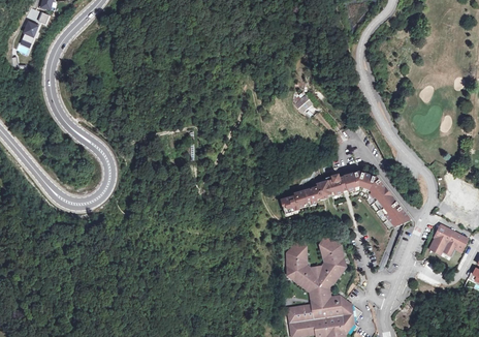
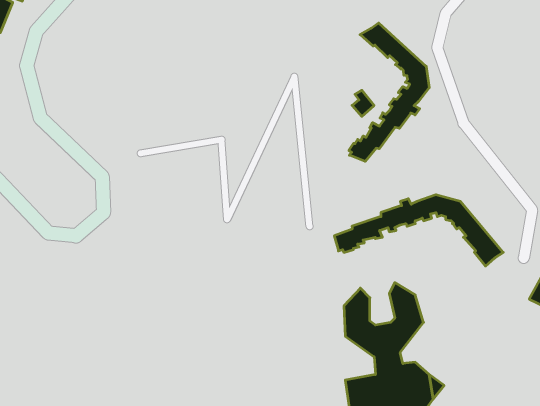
building: none -> [349,23,429,161]

